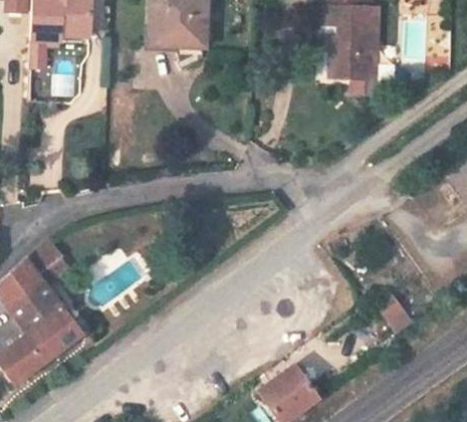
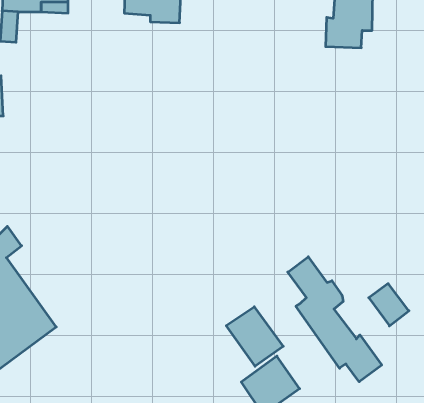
building: none -> [288,257,382,382]
building: none -> [226,307,283,366]

